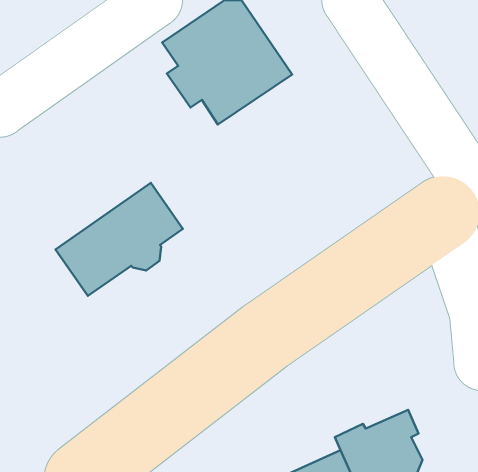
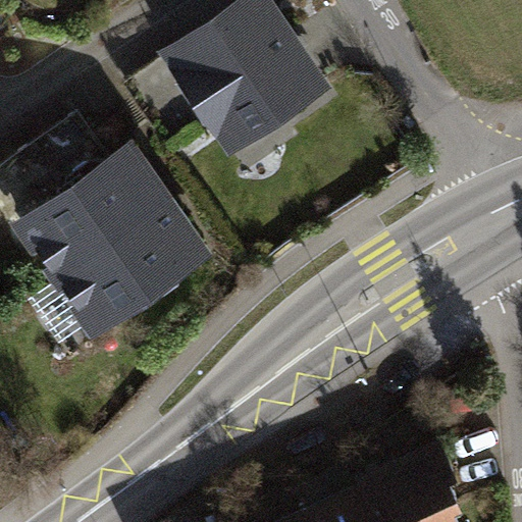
building: none -> [29,158,167,280]

